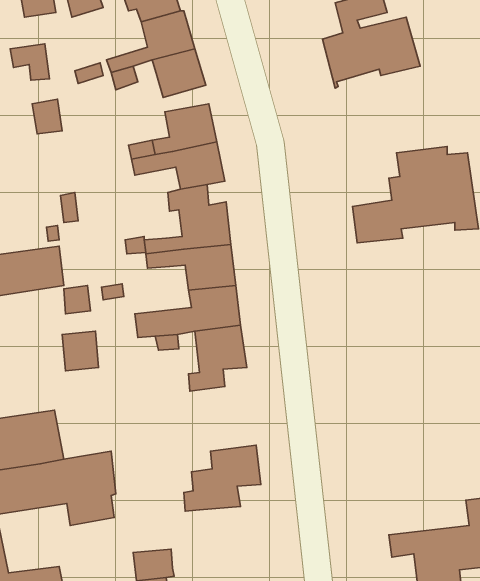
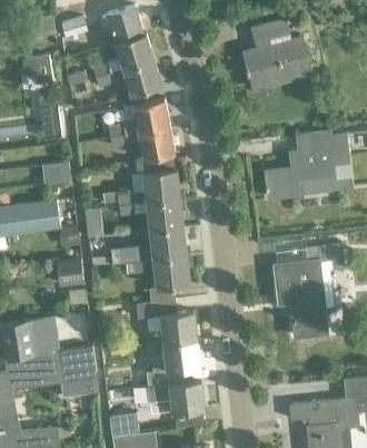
building: none -> [274,243,344,335]
building: none -> [135,299,196,344]
building: none -> [146,381,204,413]

